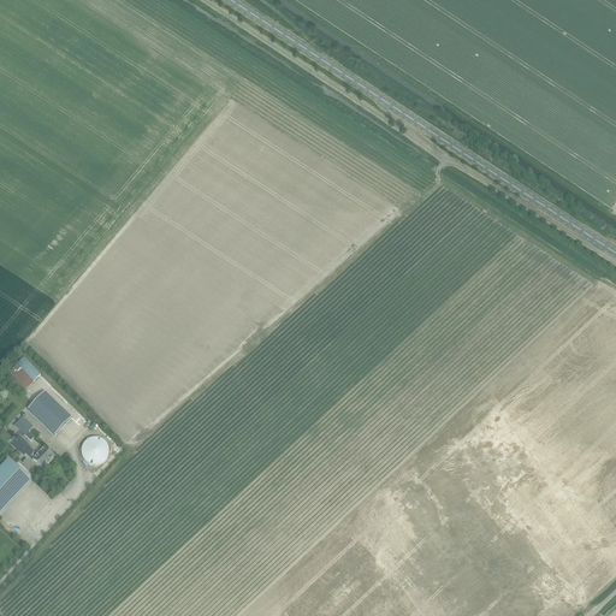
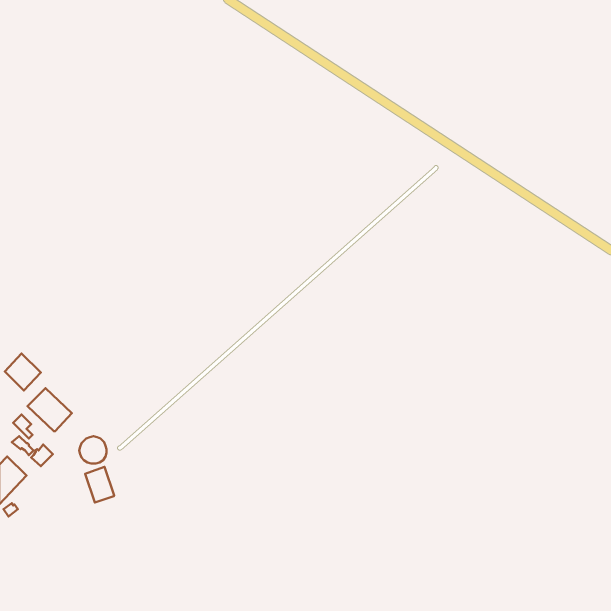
building: none -> [85,467,114,502]

